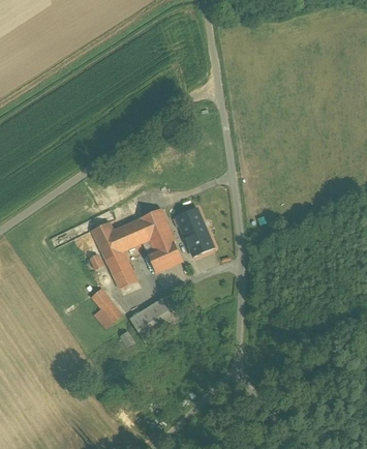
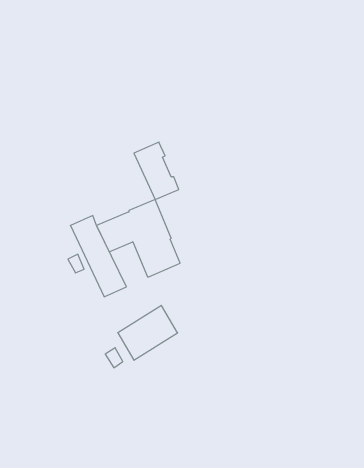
building: [176,208,213,256] -> [134,142,179,199]
building: [92,289,123,329] -> none

